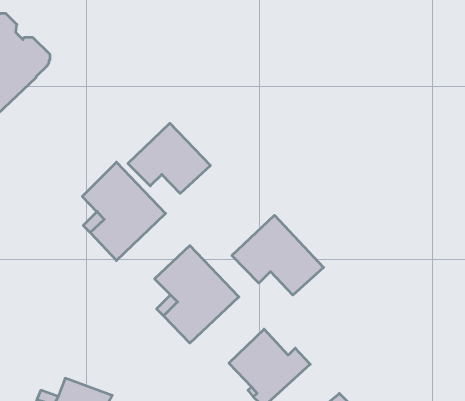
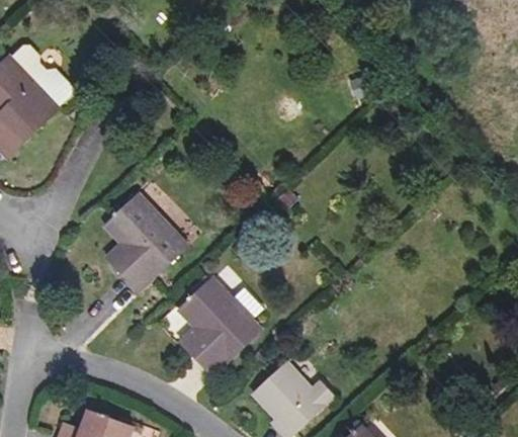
building: [128,123,210,193] -> none
building: [232,215,324,295] -> none

